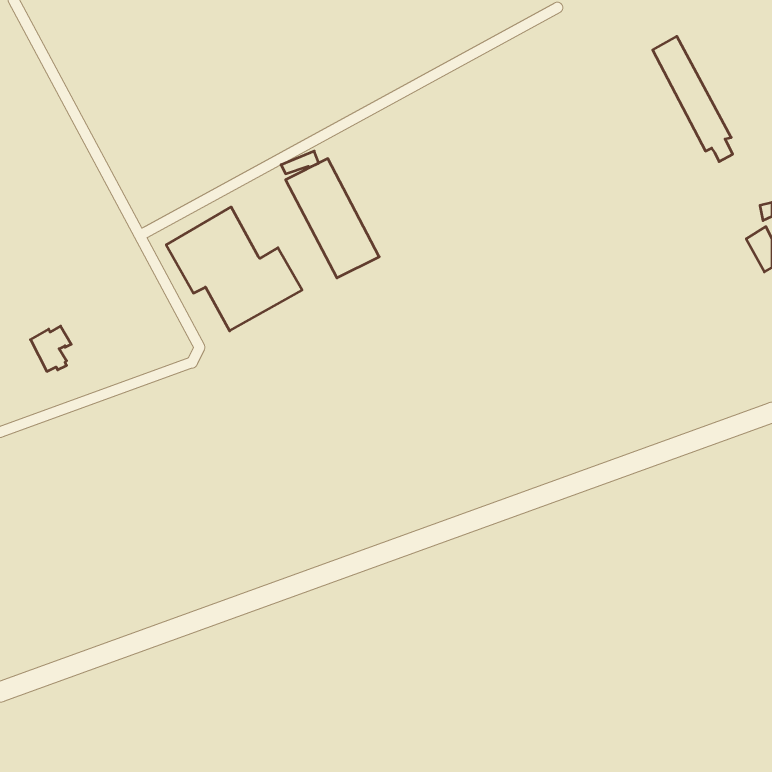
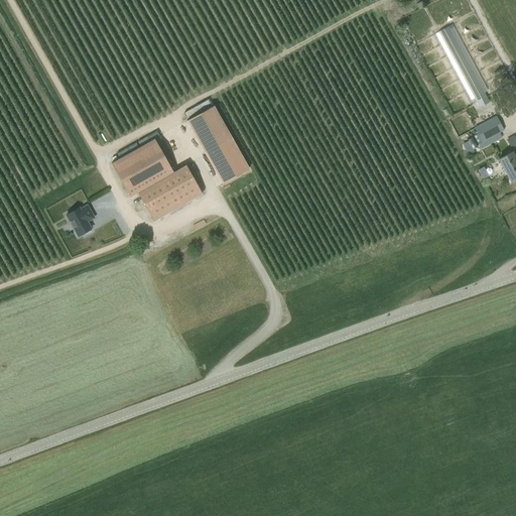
building: none -> [472,115,504,150]
building: [30,326,71,371] -> [67,206,94,236]

